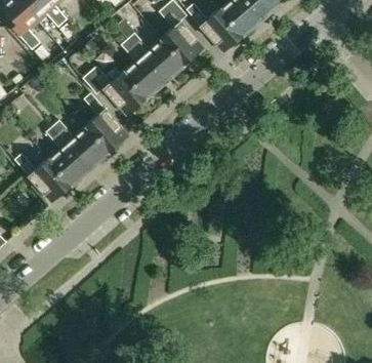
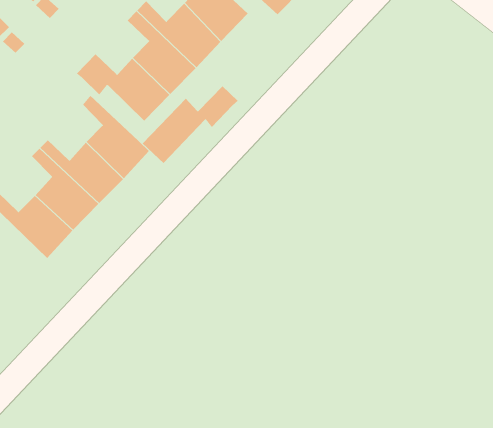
building: none -> [142,85,238,164]

